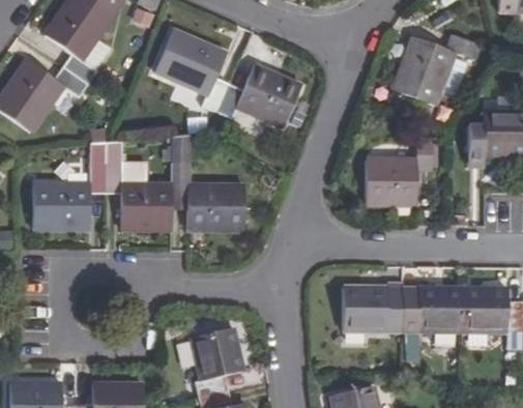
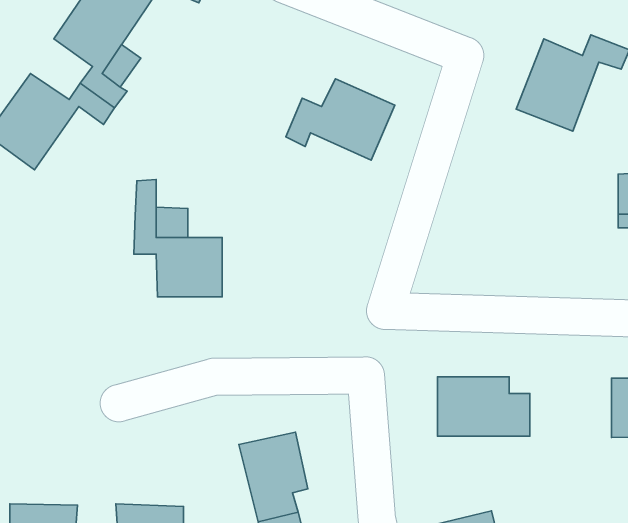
building: [157,30,232,108] -> none
building: [172,134,244,228] -> none
building: [372,147,433,204] -> none
building: [34,165,107,227] -> none
building: [403,288,464,333] -> none

